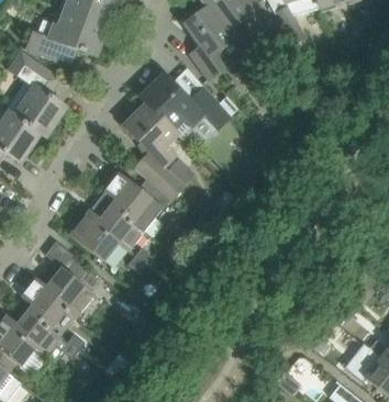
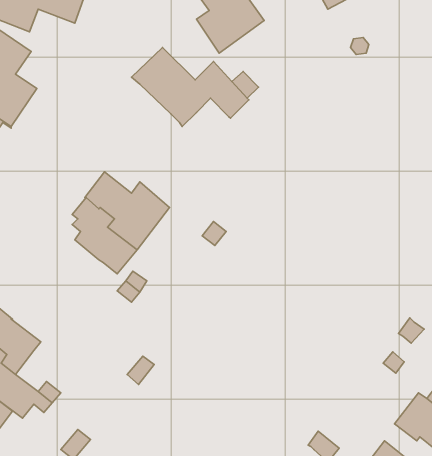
building: [123,103,185,200] -> none
building: [69,209,118,260] -> none
building: [46,260,98,319] -> none

